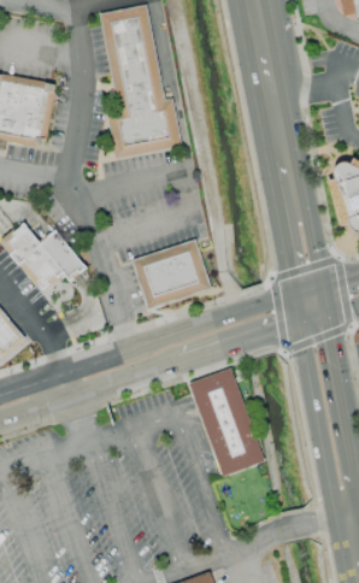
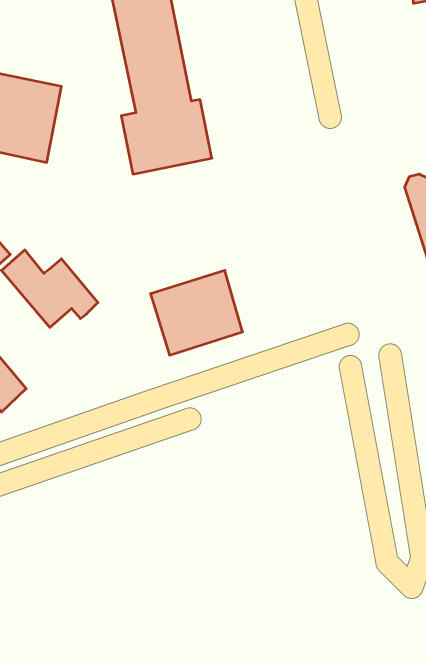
building: [186,367,263,476] -> none

